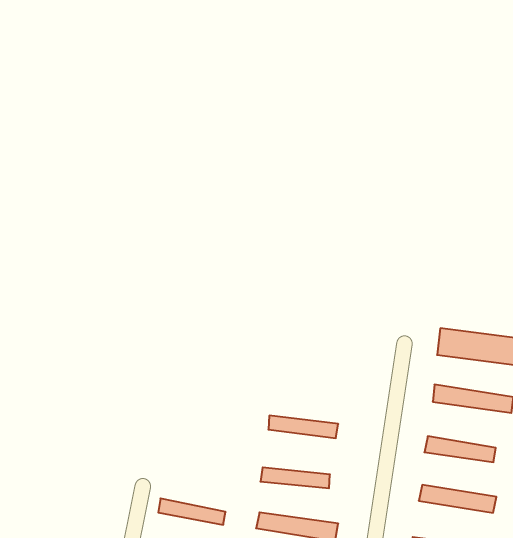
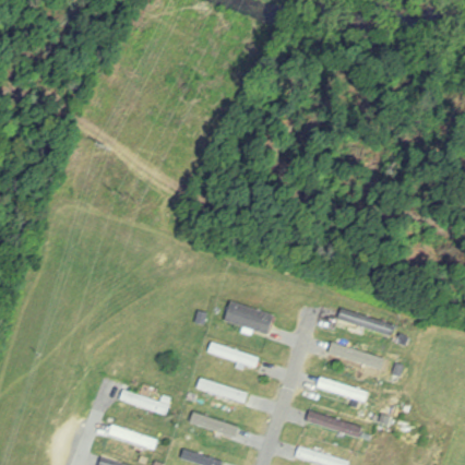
building: none -> [223,300,274,334]

